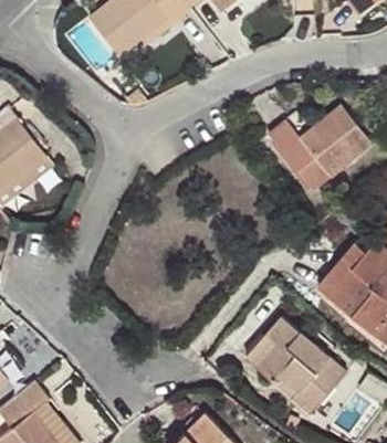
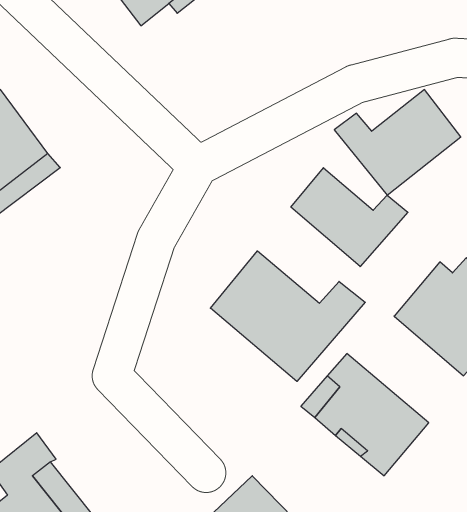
building: none -> [291,168,408,267]
building: none -> [210,251,365,381]

